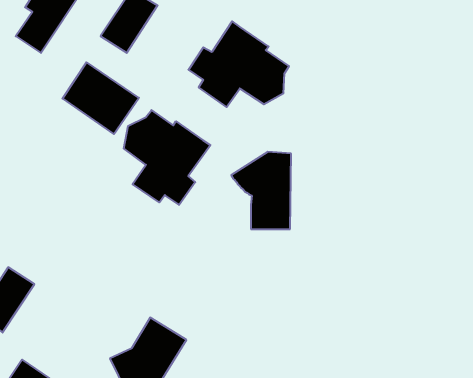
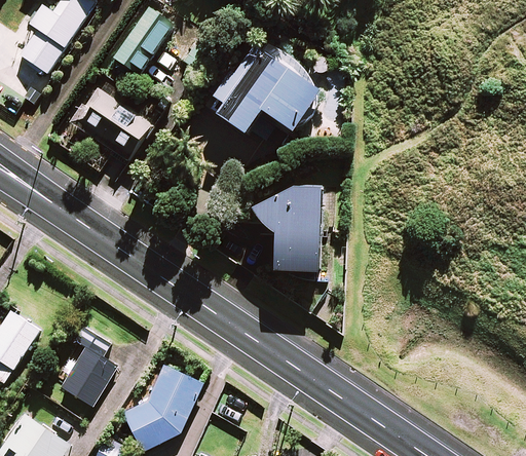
building: [124,110,210,205] -> none
building: none -> [60,327,116,407]

